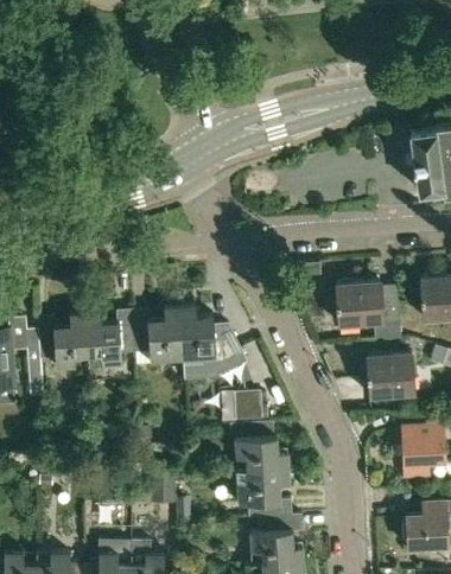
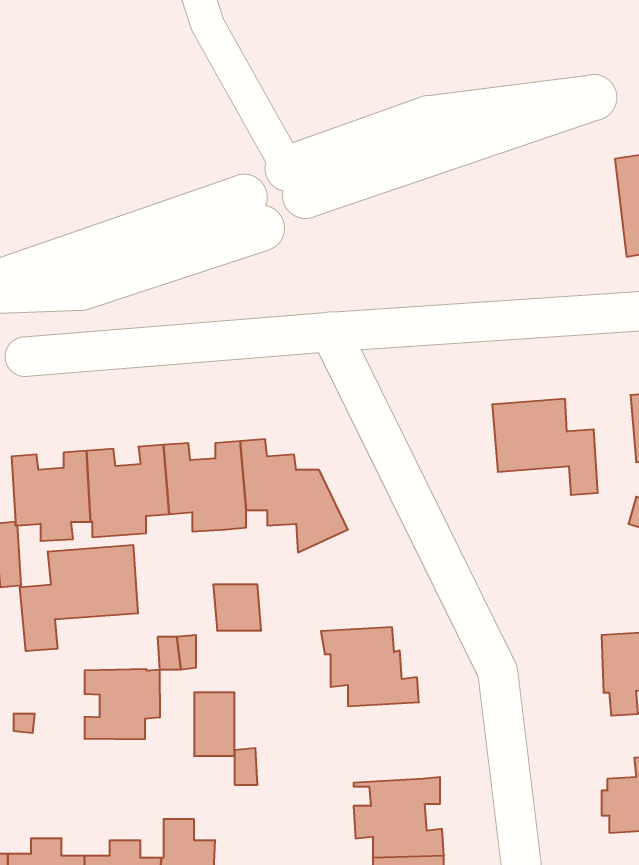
building: [367,352,414,397] -> none
building: none -> [20,545,138,651]
building: [233,390,262,419] -> [213,584,261,631]
building: none -> [85,669,160,739]
building: [236,468,292,518] -> none

